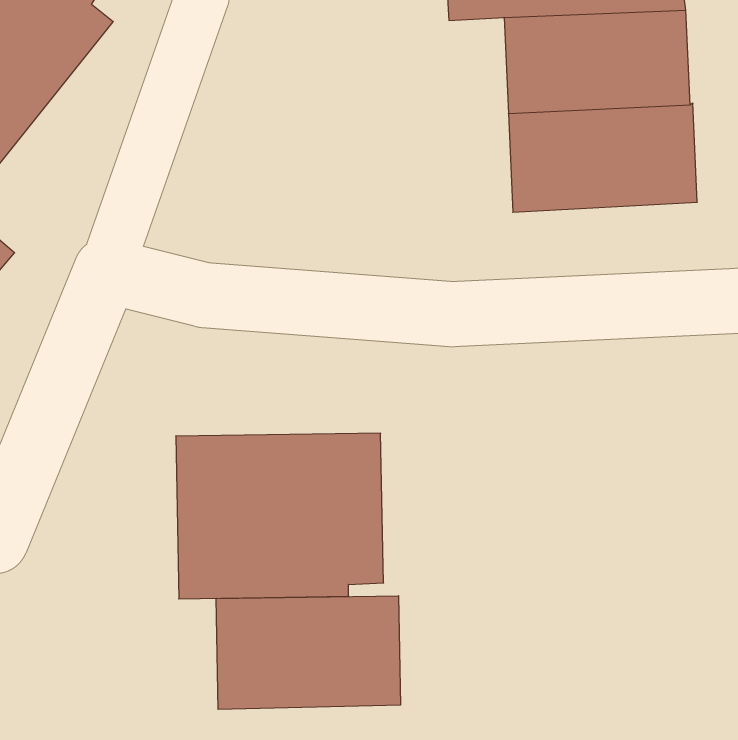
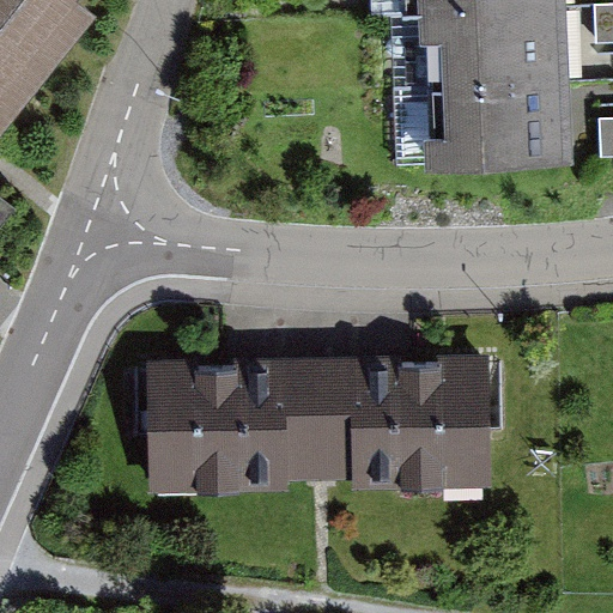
building: none -> [314,353,491,490]
building: [216,596,400,709] -> none

